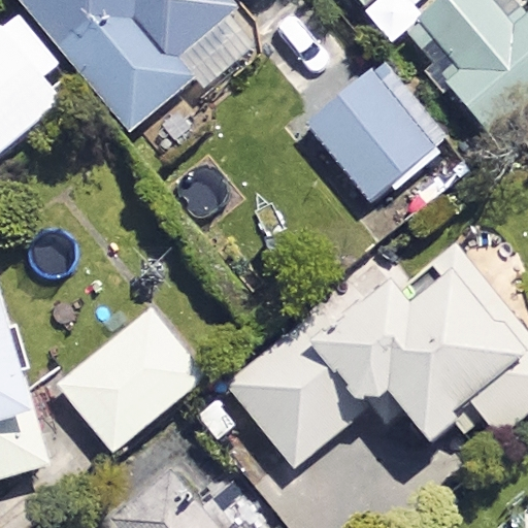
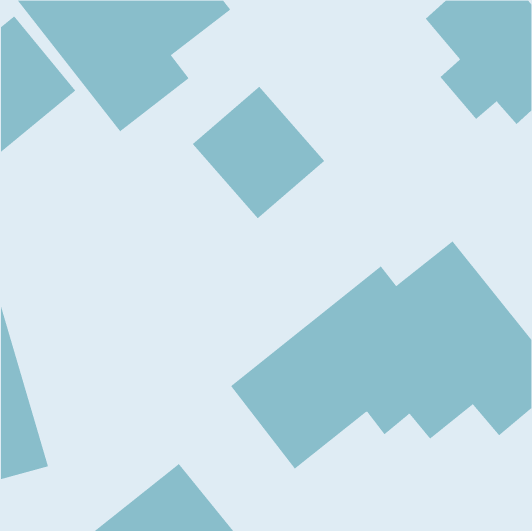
building: [306,67,438,199] -> [192,86,325,219]
building: [58,308,204,451] -> none

